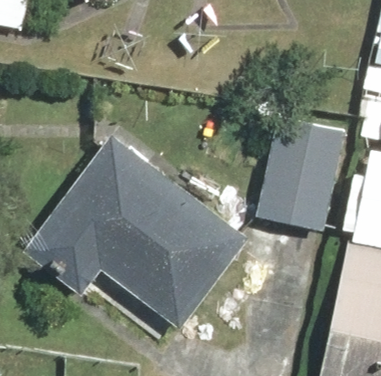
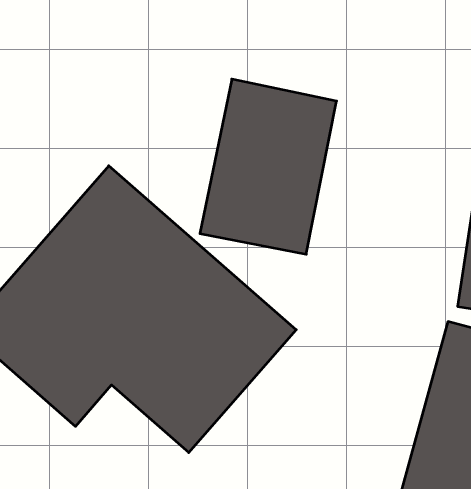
building: [257,108,356,235] -> [200,79,337,254]

